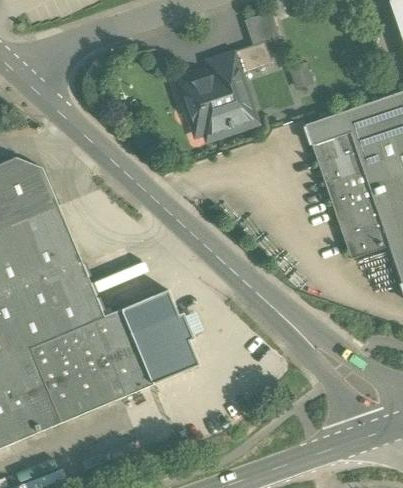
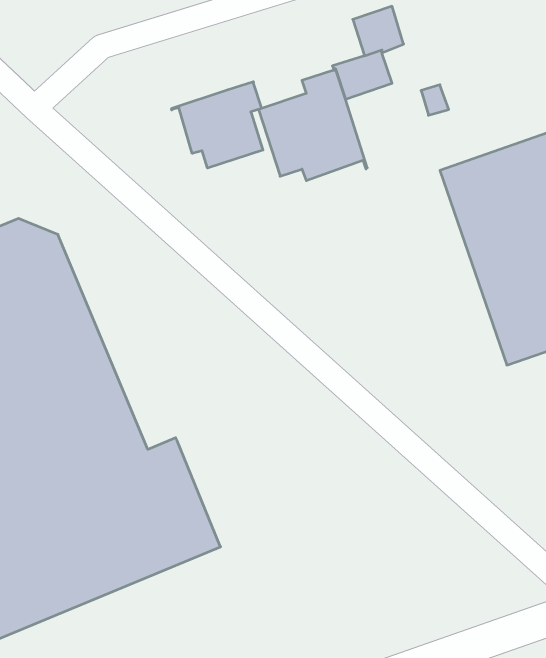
building: none -> [172,82,263,168]
building: [124,299,200,382] -> none

